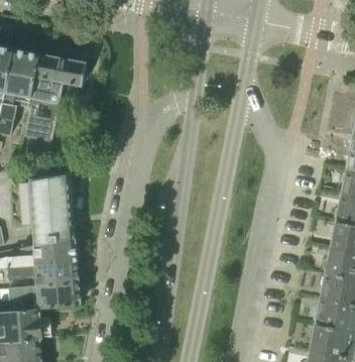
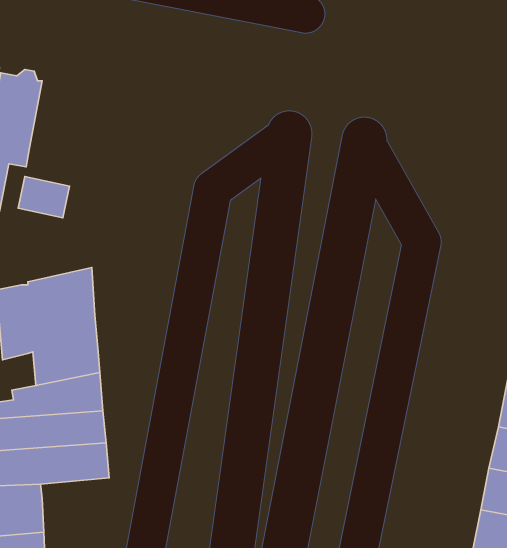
building: [30,53,88,102] -> none

